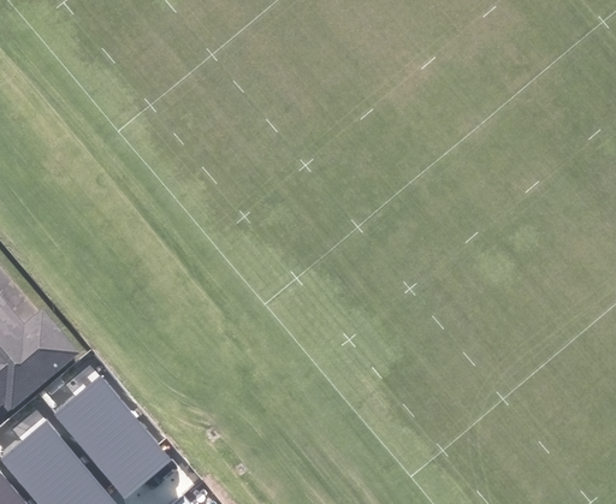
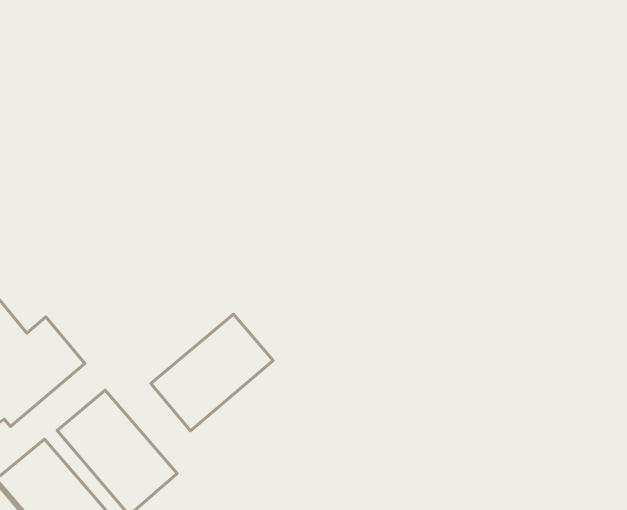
building: none -> [151,314,273,431]

